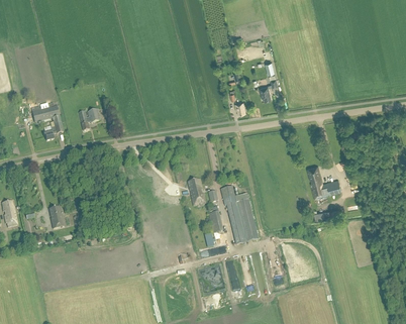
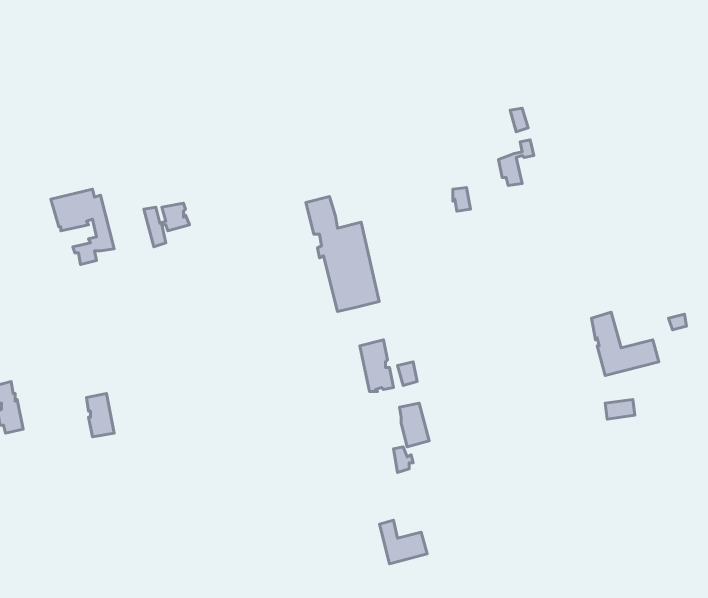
building: [220,185,258,243] -> [306,196,379,311]

